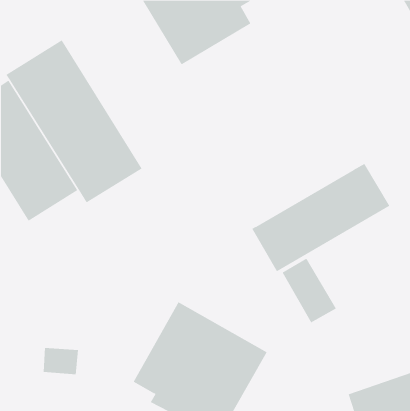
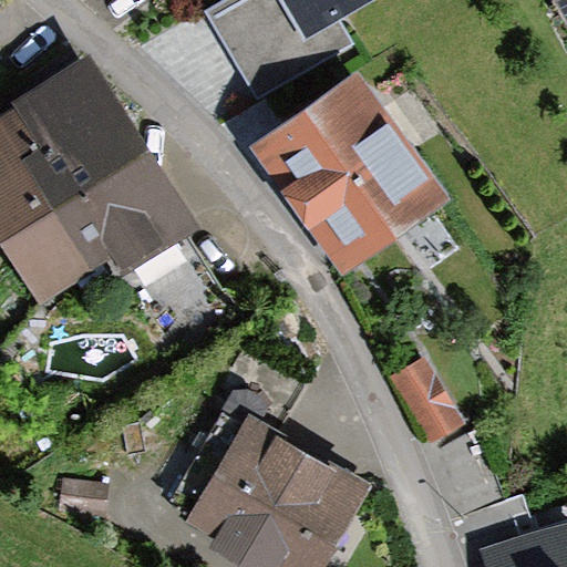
building: none -> [240,62,441,268]
building: [251,163,390,272] -> none

